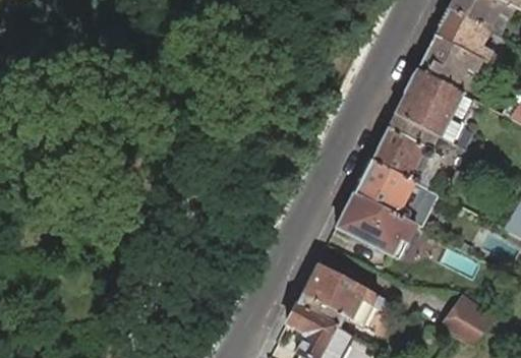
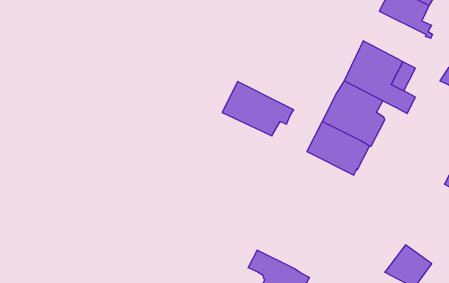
building: [416,36,487,90] -> none
building: [336,193,416,254] -> [222,82,294,136]
building: [297,263,386,330] -> none

